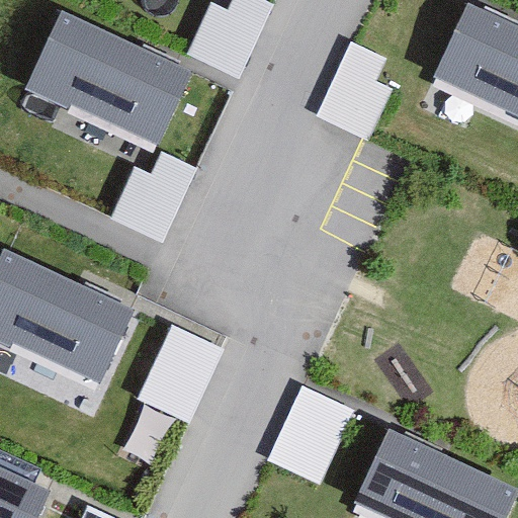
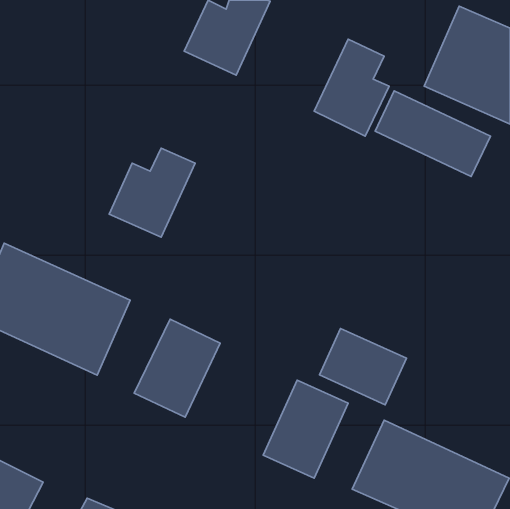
building: [25,12,192,147] -> none
building: none -> [375,91,490,176]
building: none -> [319,328,406,405]

